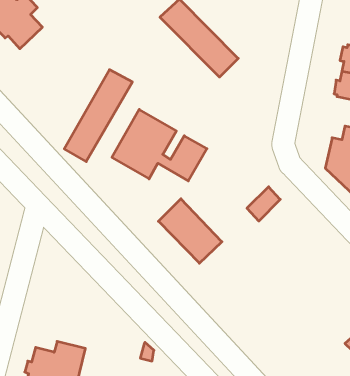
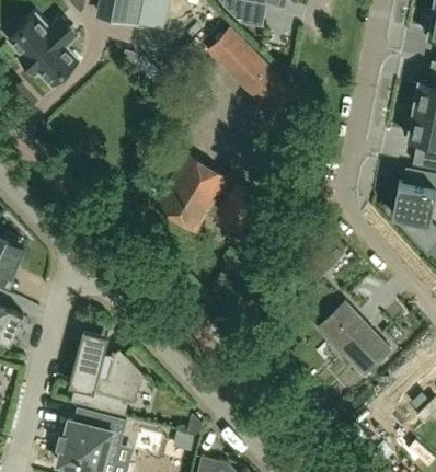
building: [64,70,132,162] -> none
building: [158,199,222,263] -> [319,301,390,373]
building: none -> [69,331,145,416]

